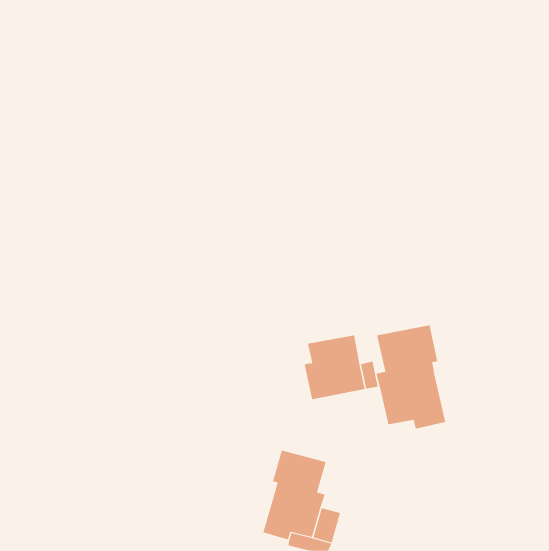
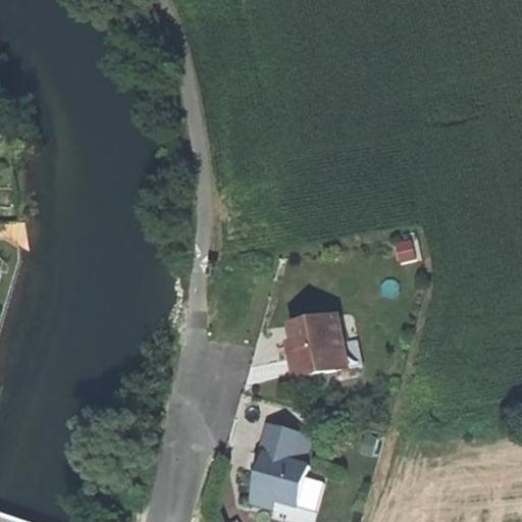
building: [376,324,446,429] -> none

